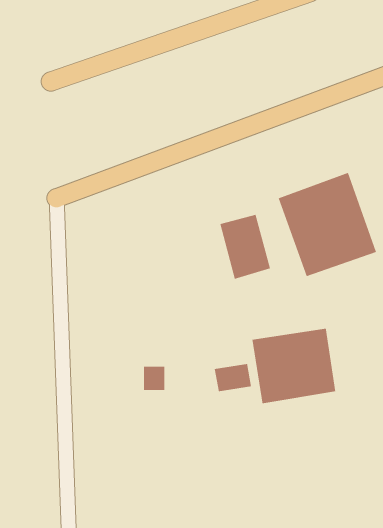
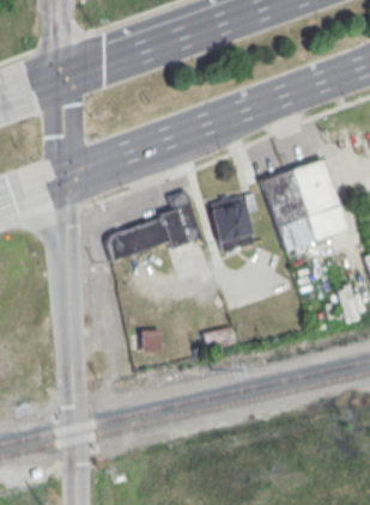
building: none -> [107,190,202,262]
building: [252,328,336,404] -> none

